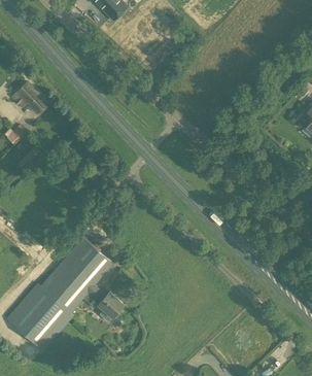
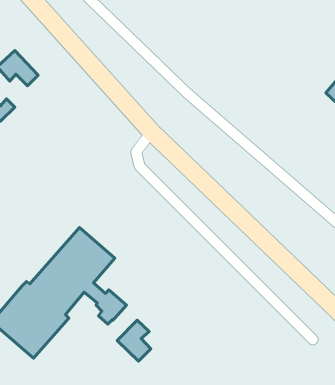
building: none -> [117,320,151,361]

